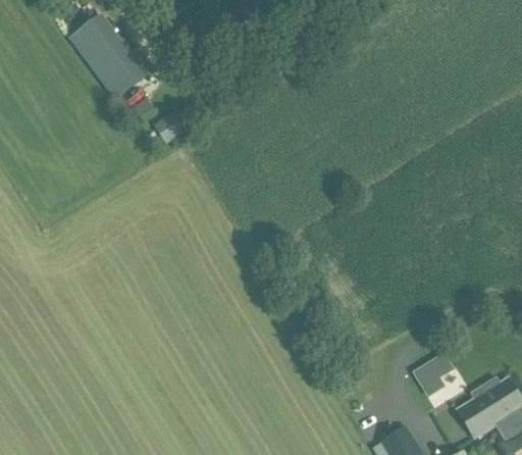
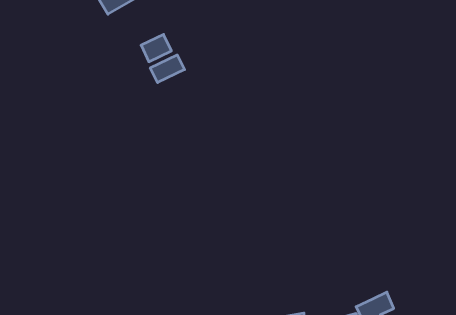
building: none -> [150,55,185,83]

